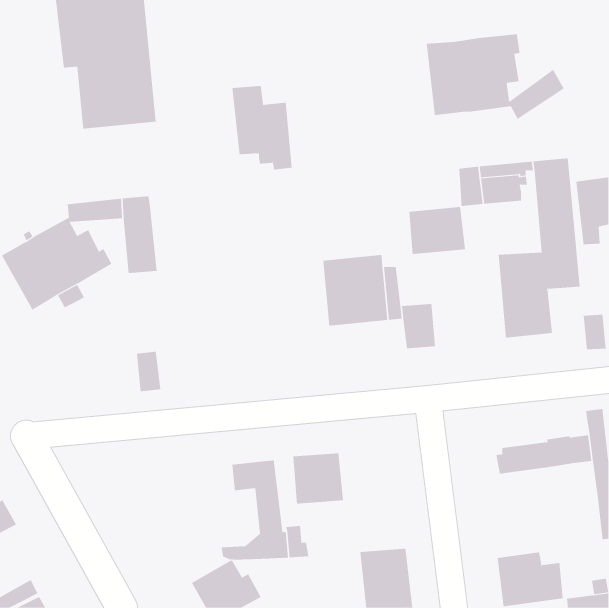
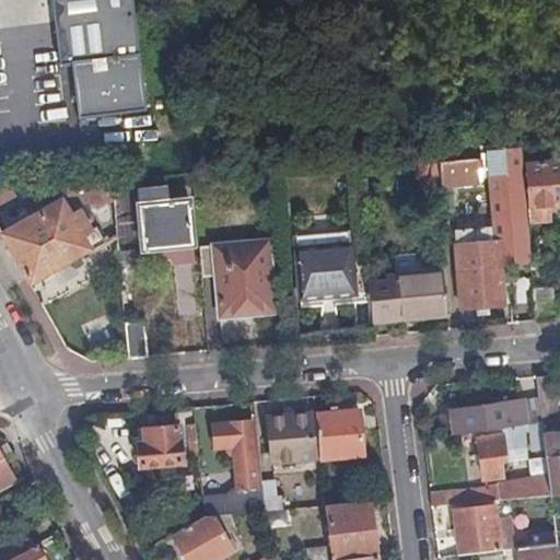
building: [426,33,564,120] -> none
building: [232,85,293,170] -> [138,185,194,262]
building: [408,207,466,254] -> [396,273,448,317]
building: none -> [202,241,277,317]
building: none -> [316,409,364,458]
building: none -> [479,424,527,479]
building: none -> [138,425,182,466]
building: none -> [431,456,551,506]

